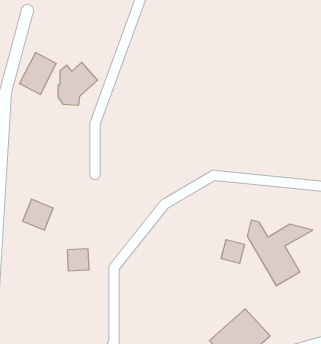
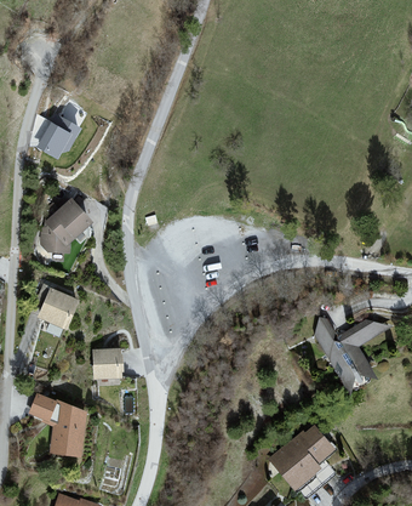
building: [58,62,98,105] -> [41,199,90,251]
building: [221,239,245,264] -> none
building: none -> [29,393,85,455]

